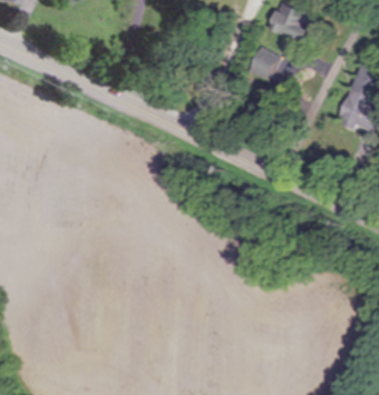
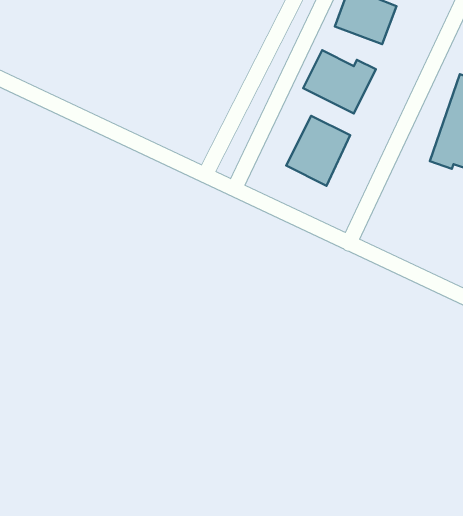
building: none -> [286,116,350,186]

